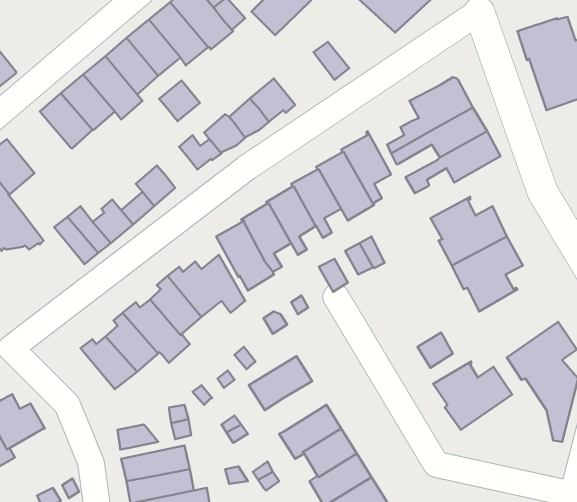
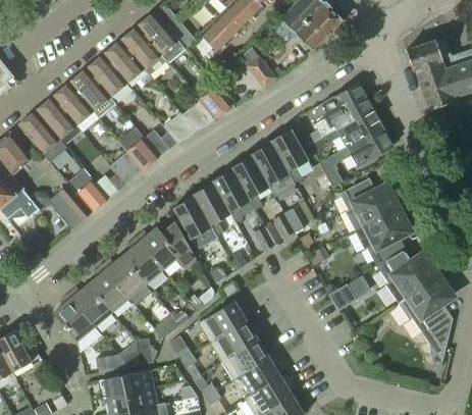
building: [159,80,200,121] -> [126,139,158,170]
building: none -> [18,111,67,162]
building: none -> [53,295,94,342]
building: [433,362,512,430] -> [376,249,437,302]
building: none -> [210,320,258,361]

